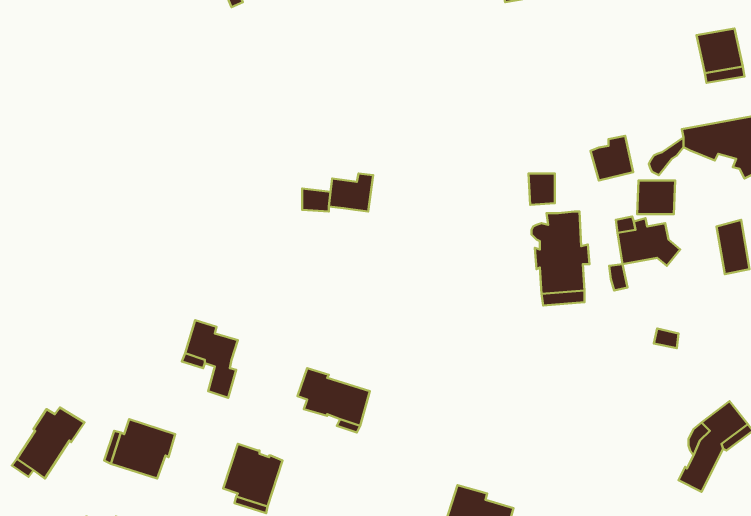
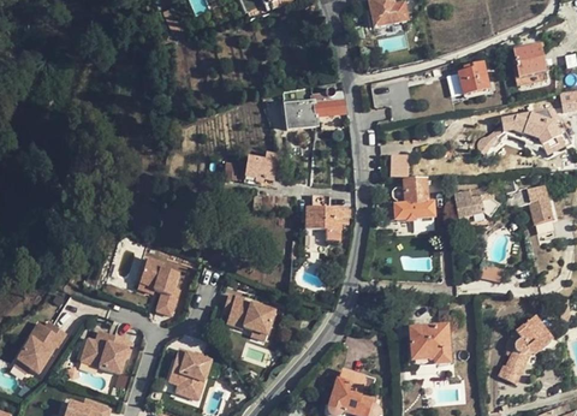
building: none -> [282,87,345,129]
building: [590,136,633,180] -> [458,63,489,95]
building: [637,180,675,214] -> none
building: none -> [305,195,351,240]
building: none -> [411,327,450,364]

